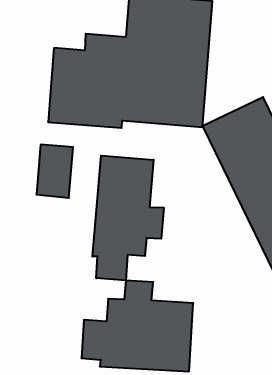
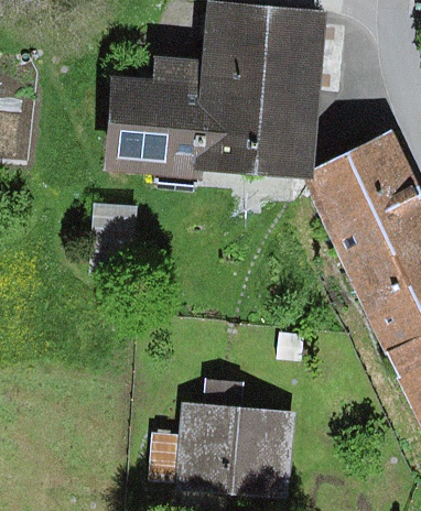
building: [92,156,164,280] -> none

